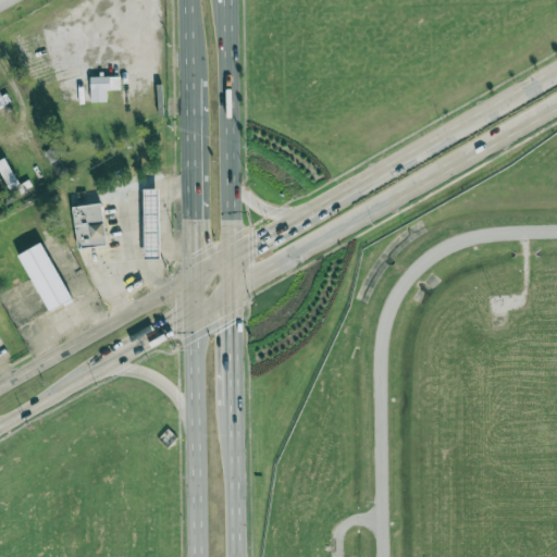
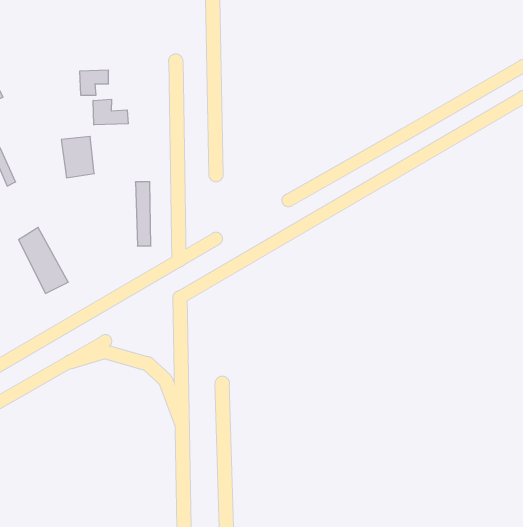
building: none -> [93,99,128,125]
building: [71,206,106,249] -> [61,136,94,178]

